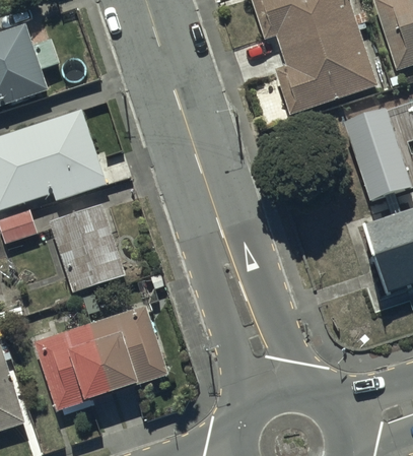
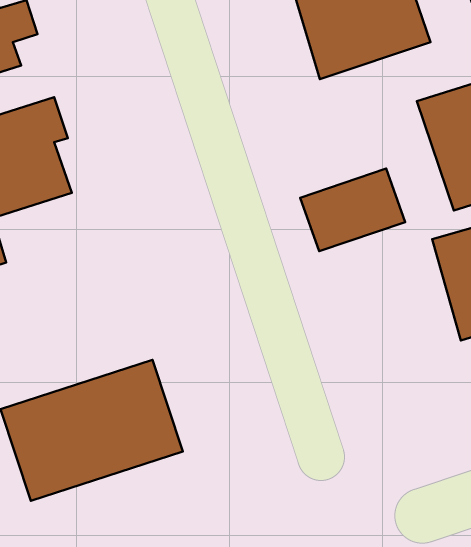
building: none -> [300,169,405,251]
building: [54,205,134,297] -> none

